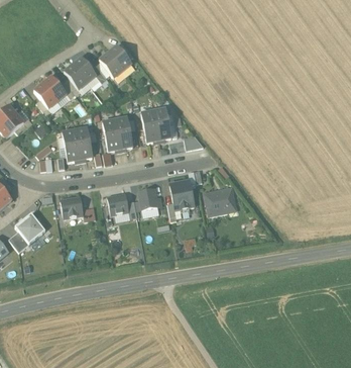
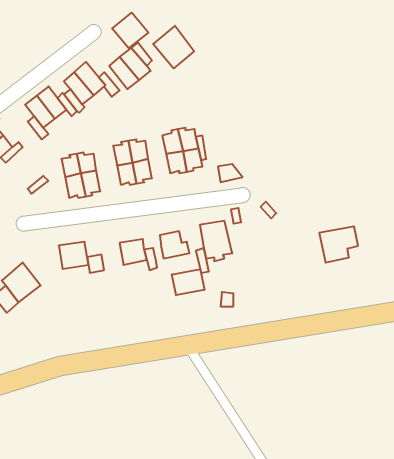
building: none -> [112,13,148,48]
building: none -> [153,26,194,68]
building: [205,187,235,215] -> [319,226,358,263]
building: none -> [172,269,204,295]

